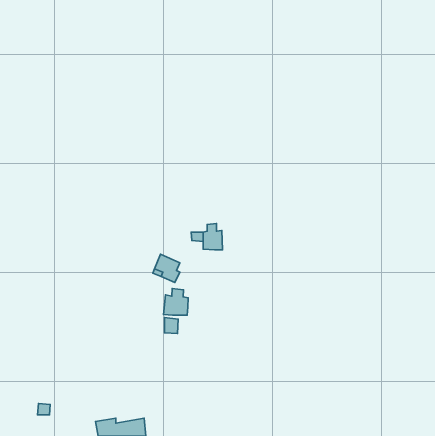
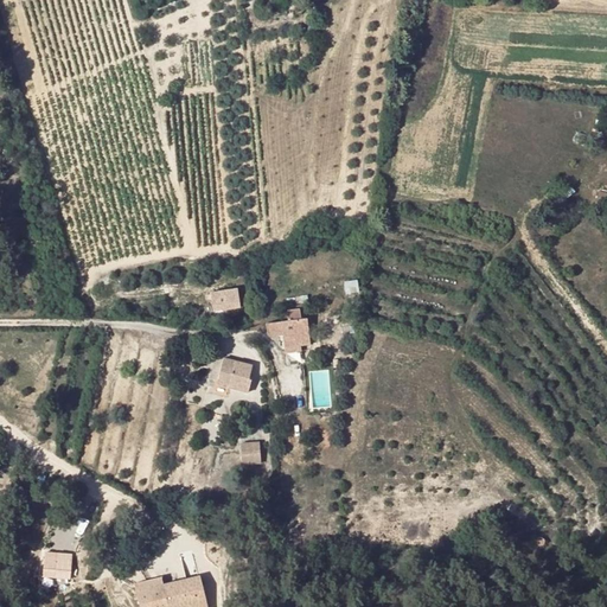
building: none -> [207,286,238,309]
building: [163,288,188,315] -> none

